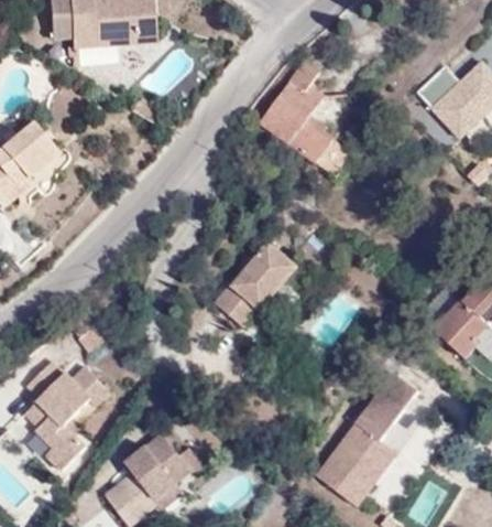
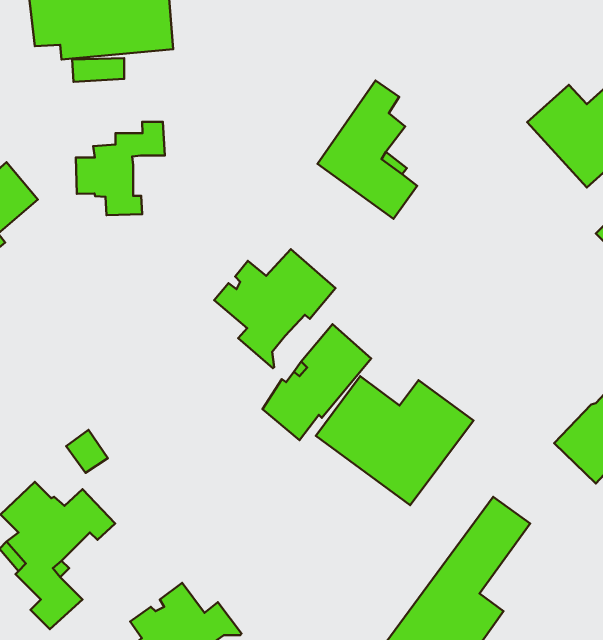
building: none -> [76,122,165,215]
building: none -> [214,249,336,368]
building: none -> [316,376,473,505]

